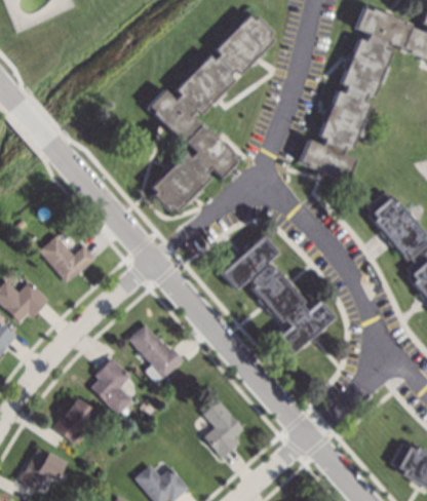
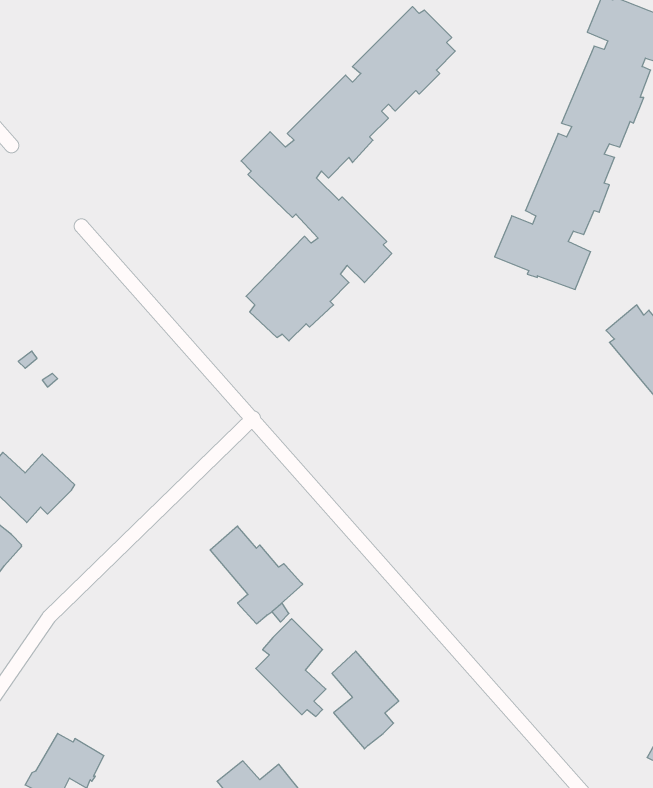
building: [39,235,95,282] -> none
building: [222,235,335,354] -> none
building: [91,357,133,416] -> [256,619,326,716]
building: [52,397,96,444] -> none

